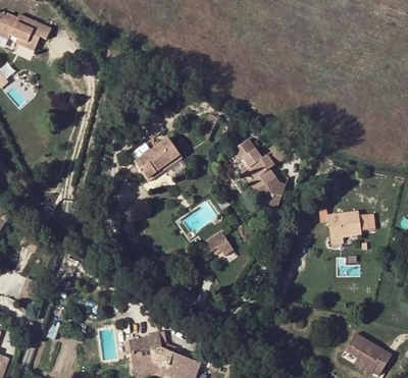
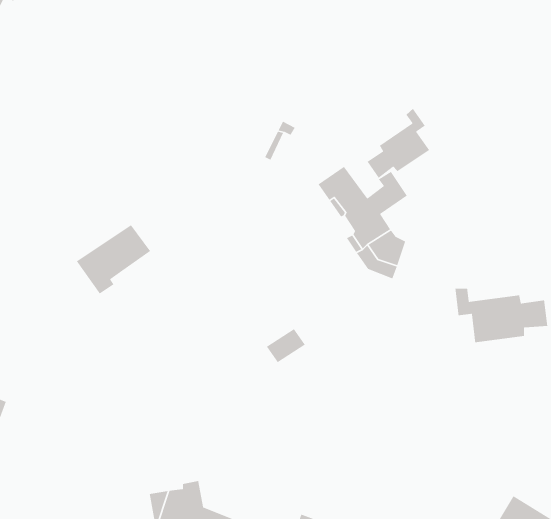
building: none -> [367,108,430,179]
building: [135,136,181,178] -> [76,224,151,294]

